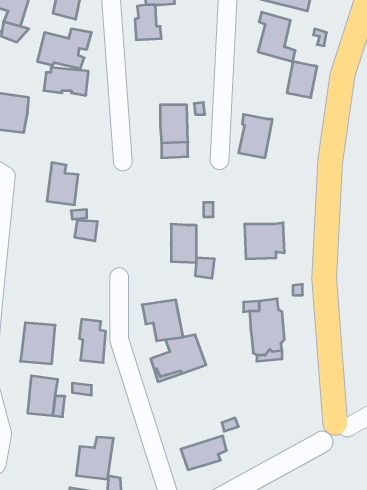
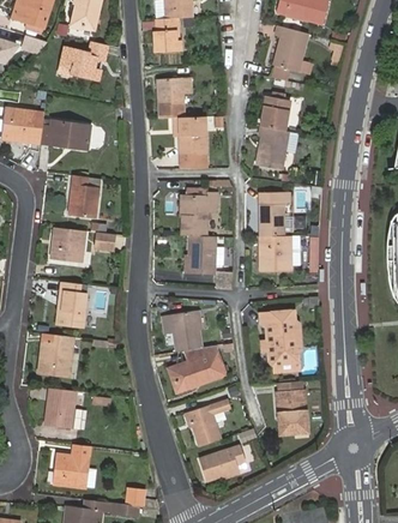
building: [287,61,317,98] -> [261,96,291,132]
building: none -> [157,77,194,119]
building: [44,68,88,95] -> [44,121,89,149]
building: none -> [181,193,216,238]
building: none -> [261,194,288,236]
building: none -> [50,228,84,262]
building: [79,319,106,363] -> [59,282,85,325]
building: none -> [278,381,309,433]
building: none -> [186,399,230,449]
building: [76,437,114,479] -> [54,445,91,487]

